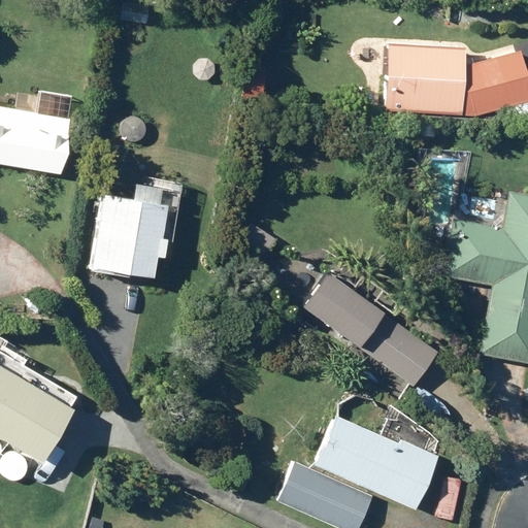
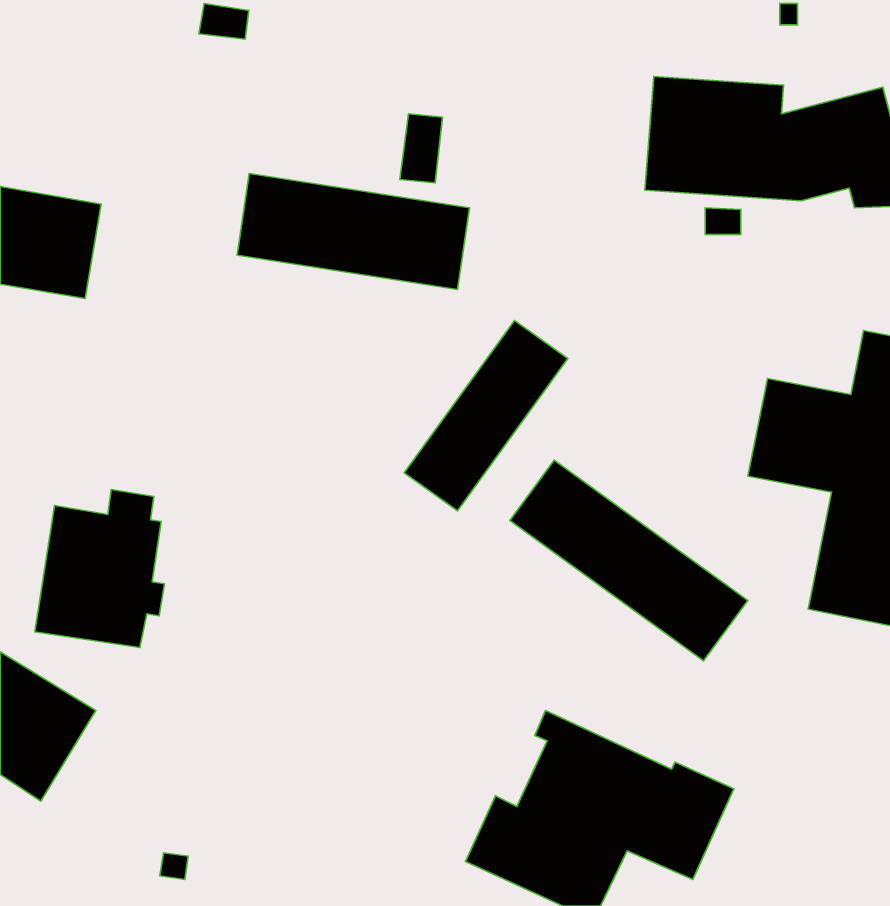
building: none -> [237,174,470,289]
building: none -> [404,320,568,511]
building: [88,187,163,278] -> [35,490,165,648]

